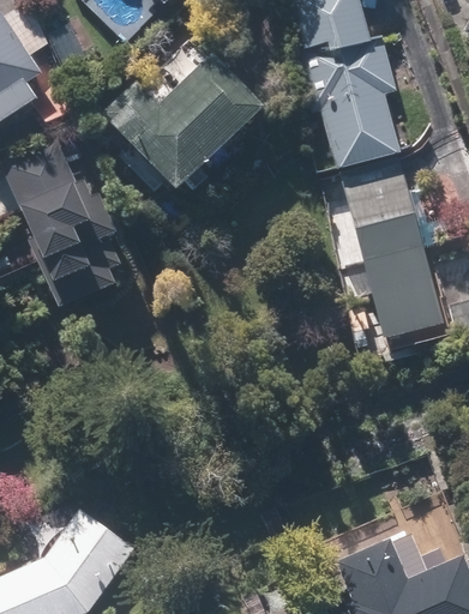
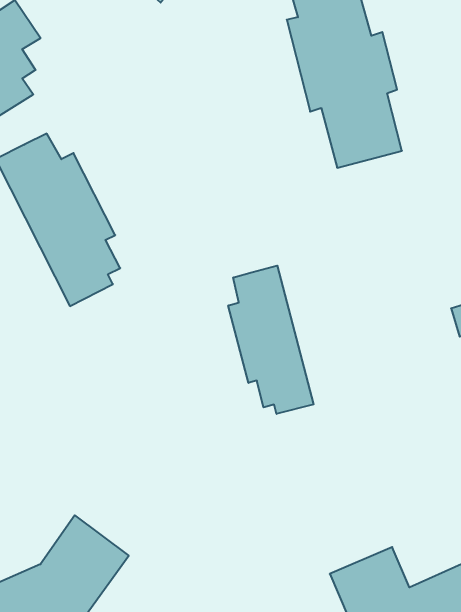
building: [103,54,265,192] -> none
building: [341,158,444,339] -> none
building: none -> [228,266,314,414]

